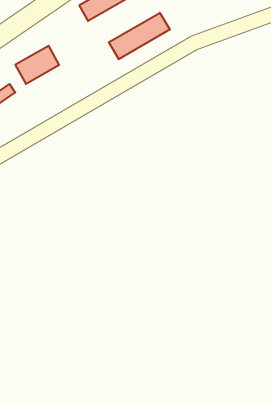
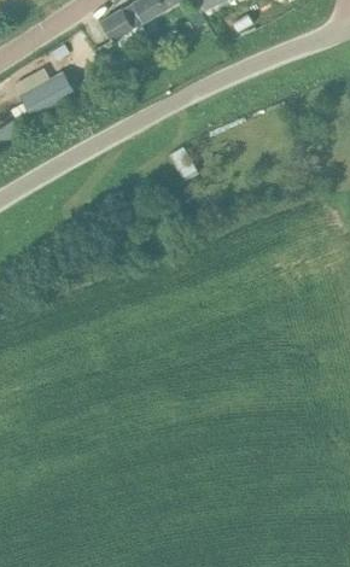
building: [109,13,170,59] -> none

